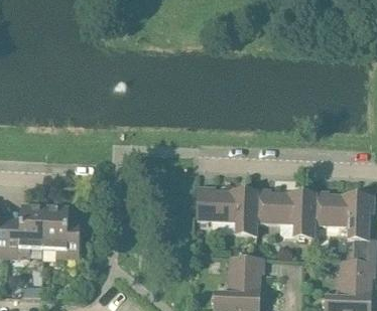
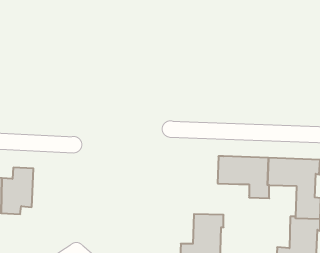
building: [198,186,257,237] -> none
building: [42,205,81,261] -> none

